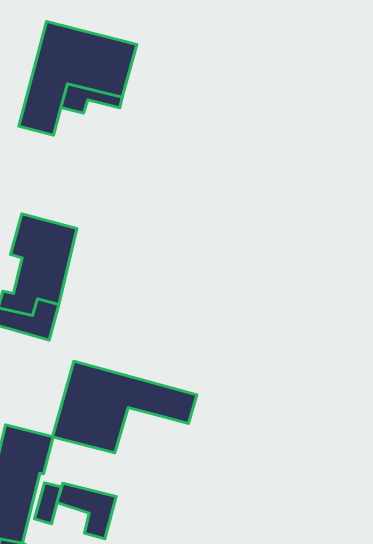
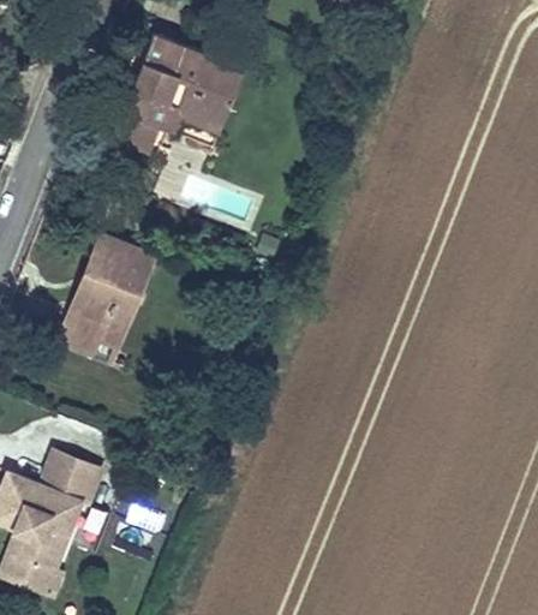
building: [52,361,197,453] -> none
building: [57,483,116,539] -> none

